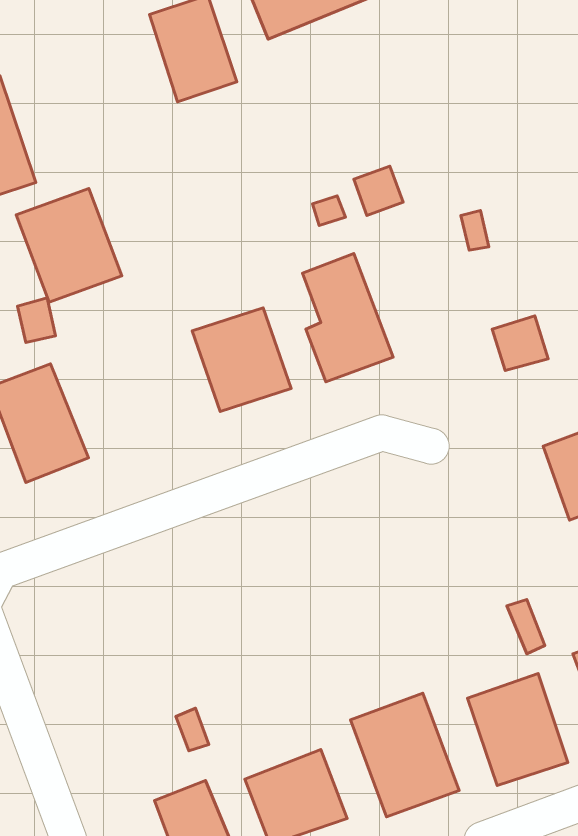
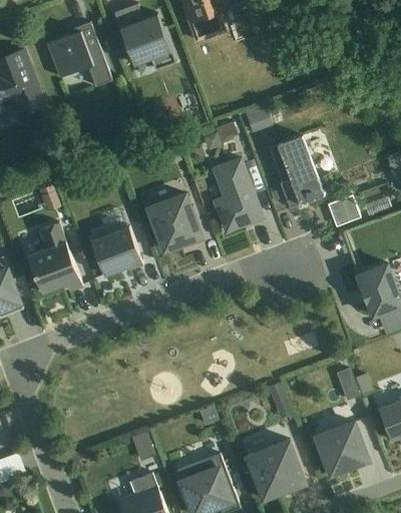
building: [16,188,122,302] -> [48,27,112,96]
building: none -> [280,138,324,206]
building: none -> [88,223,142,280]

